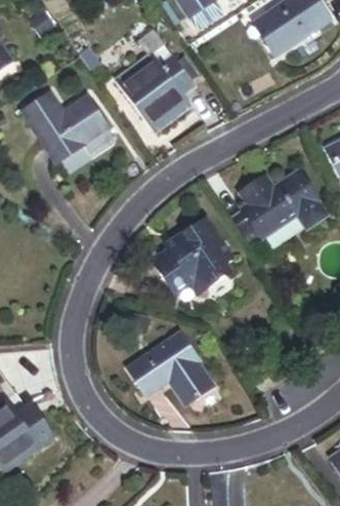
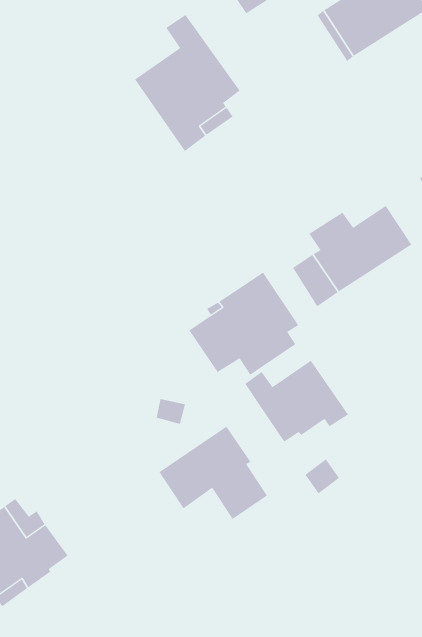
building: [20,91,113,160] -> none
building: none -> [244,360,349,442]

